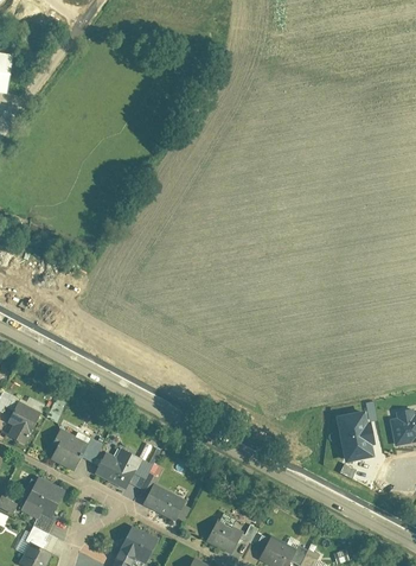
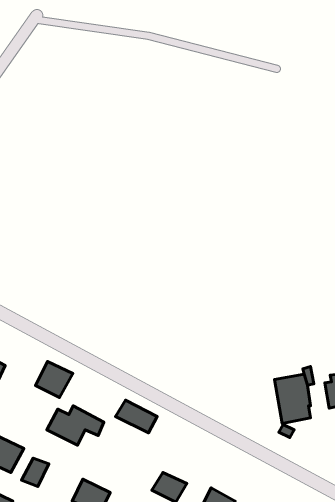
building: [46,428,87,468] -> [36,362,73,398]
building: [140,484,185,520] -> [116,400,157,433]
building: none -> [22,458,49,487]

